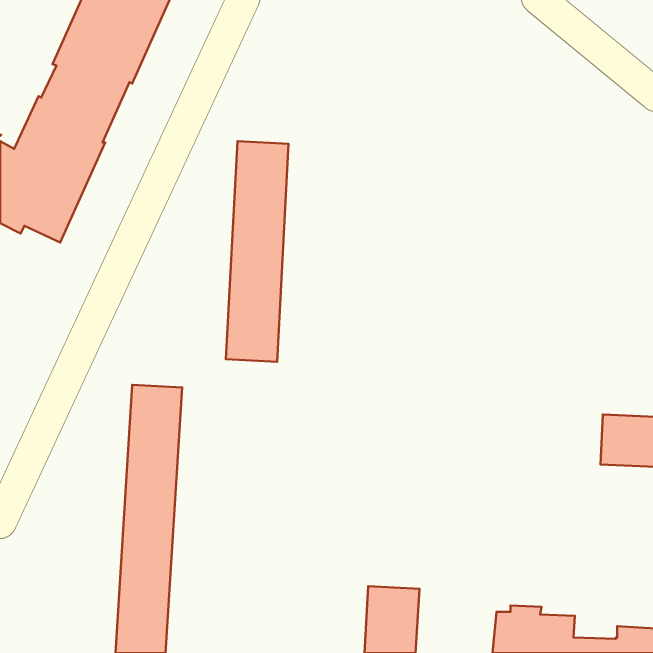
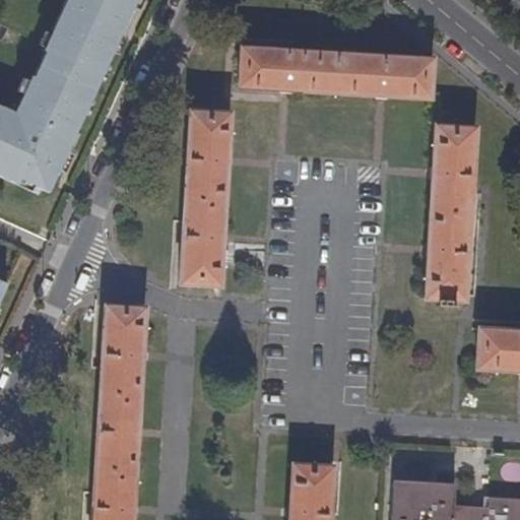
building: none -> [239,47,433,96]
building: none -> [427,125,476,305]

